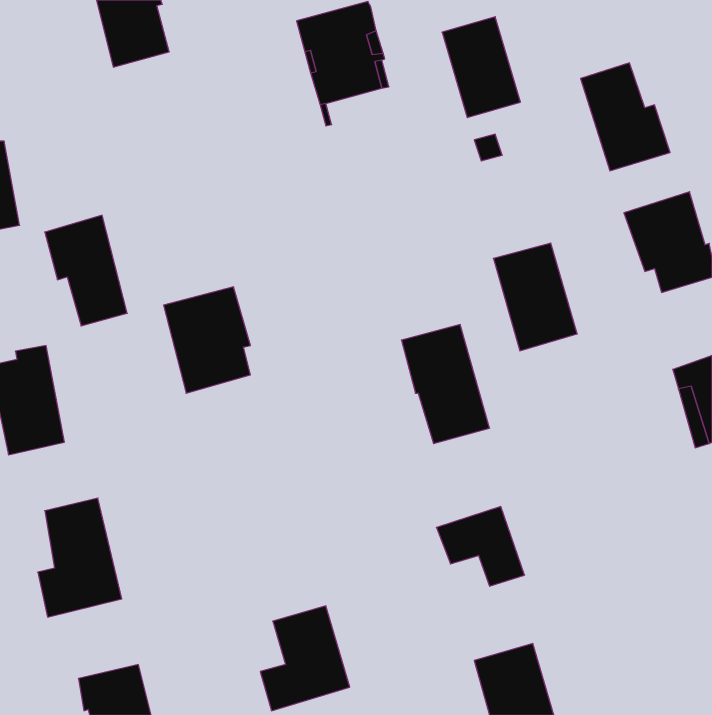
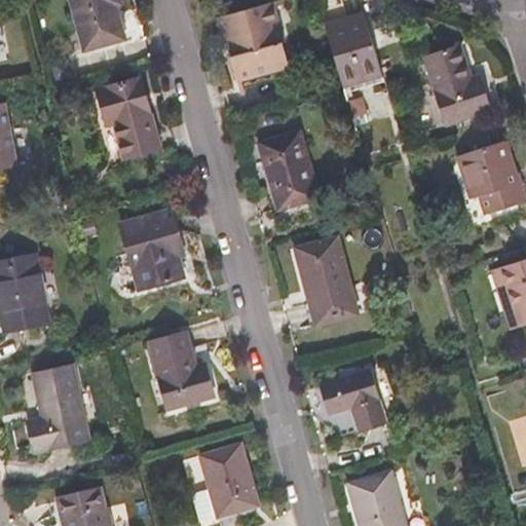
building: [45,215,127,326] -> [98,76,158,157]
building: [493,243,577,351] -> [259,132,321,211]
building: none -> [150,334,213,409]

